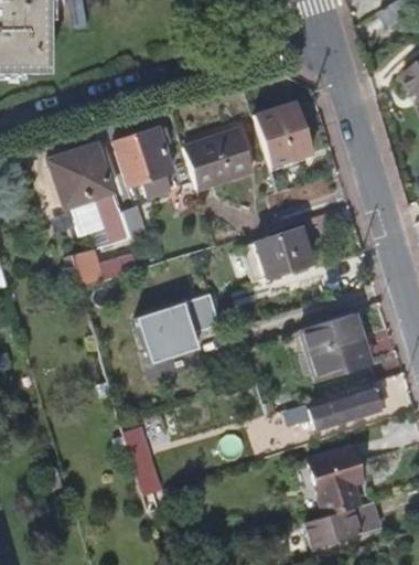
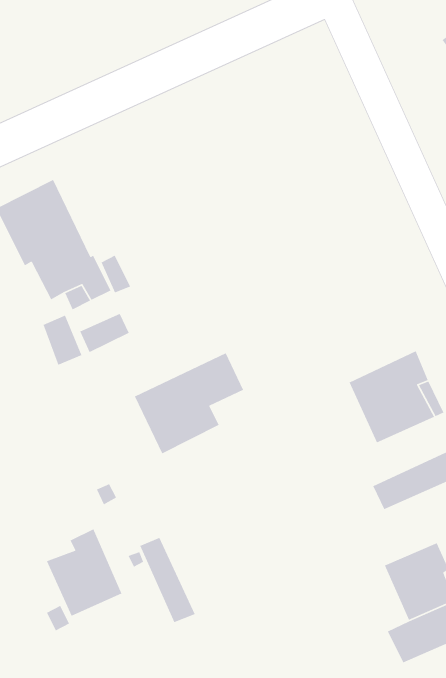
building: [255,103,310,164] -> none
building: [114,126,172,196] -> none
building: [182,128,248,186] -> none
building: [243,227,311,279] -> none
building: none -> [46,528,123,617]

